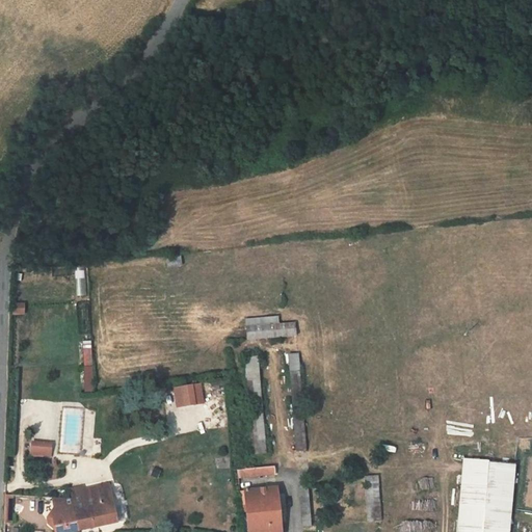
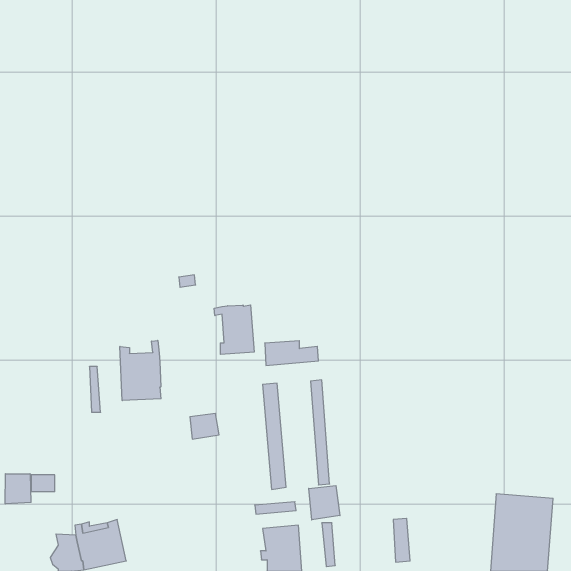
building: none -> [214,305,254,354]
building: none -> [120,340,161,401]
building: none -> [5,474,31,504]
building: none -> [309,486,340,520]

